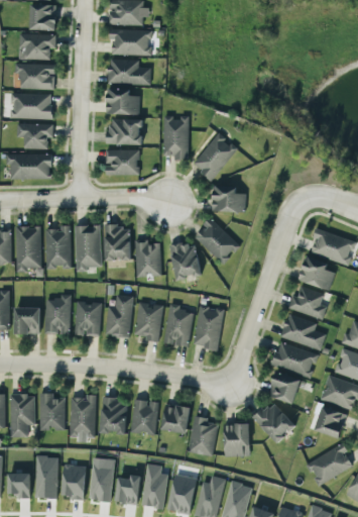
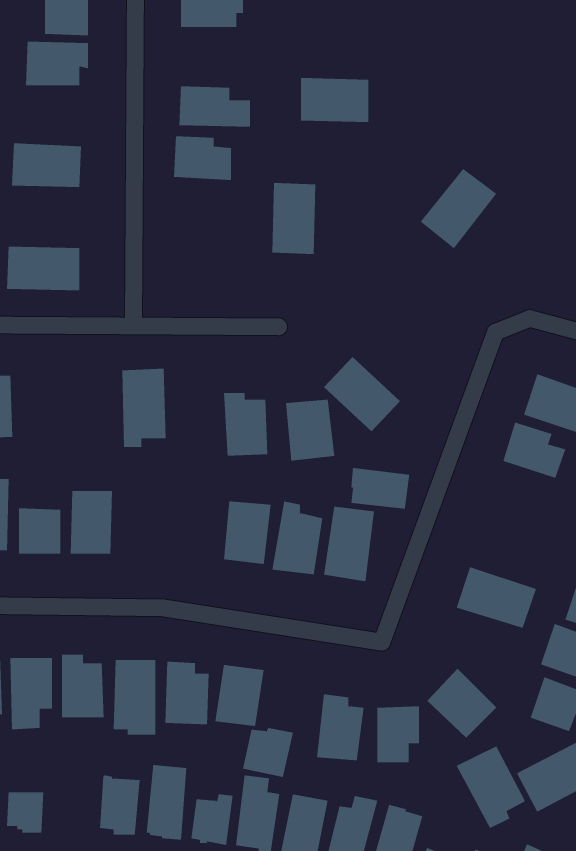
building: [110,29,150,56] -> [300,78,369,122]
building: [17,64,53,89] -> none
building: [107,119,141,144] -> none
building: [16,124,52,149] -> none
building: [192,133,237,181] -> [420,168,497,249]
building: [105,149,139,175] -> none
building: [212,187,245,212] -> none
building: [15,226,40,273] -> none
building: [44,226,71,269] -> none
building: [104,226,130,261] -> none
building: none -> [351,467,410,510]
building: [287,287,326,320] -> none
building: [105,295,132,337] -> none
building: [74,302,100,336] -> none
building: [280,314,325,350] -> none
building: [269,373,299,403] -> none
building: [160,405,191,434] -> [242,727,294,777]
building: none -> [456,745,526,829]
building: [35,455,56,499] -> none

